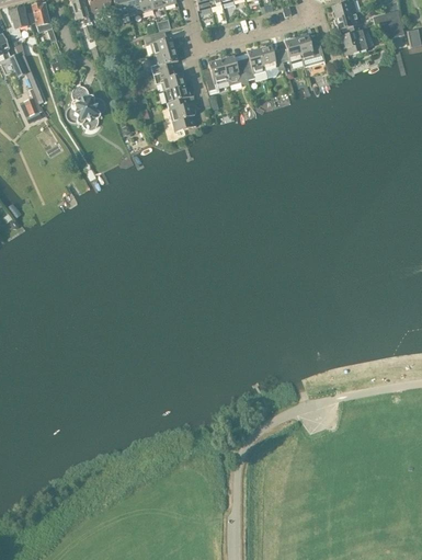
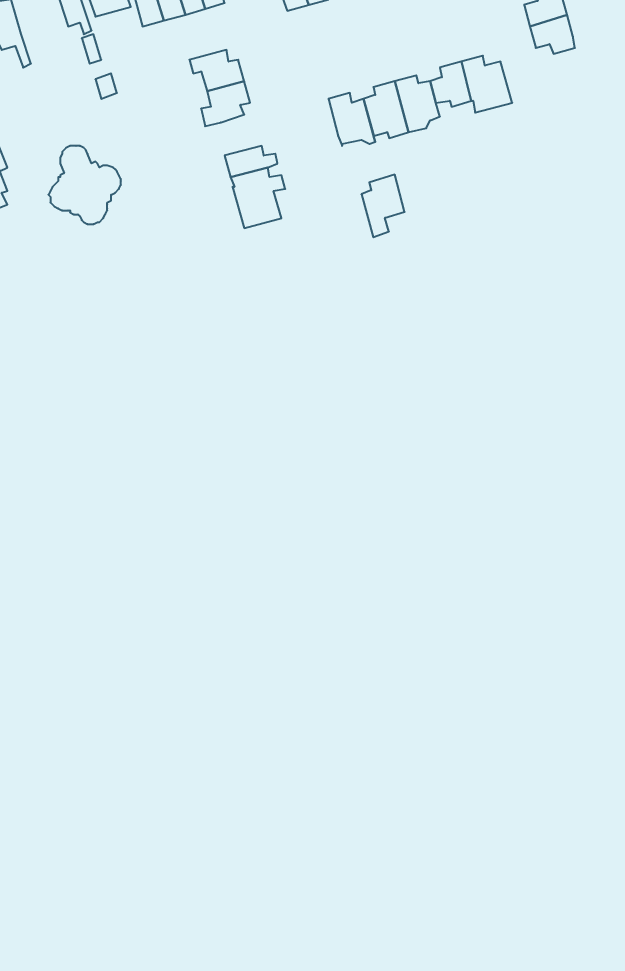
building: [341,28,373,53] -> none
building: [204,57,228,92] -> [361,175,405,237]
building: [153,66,185,89] -> none

